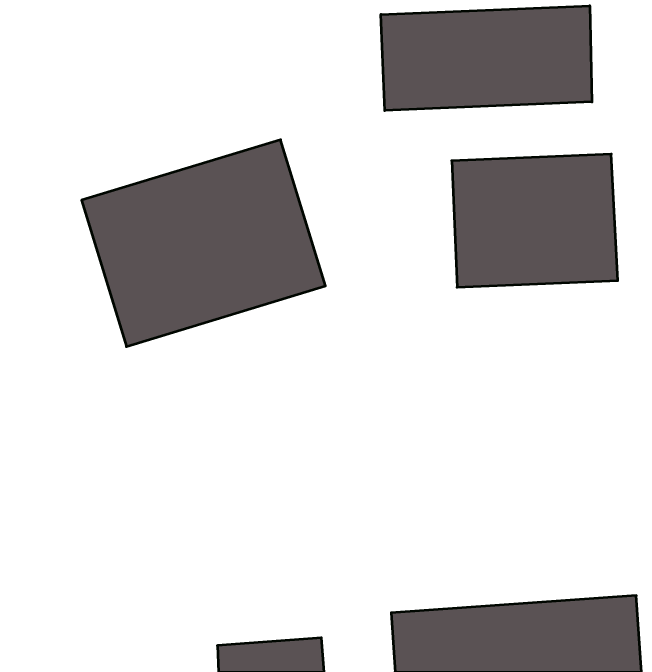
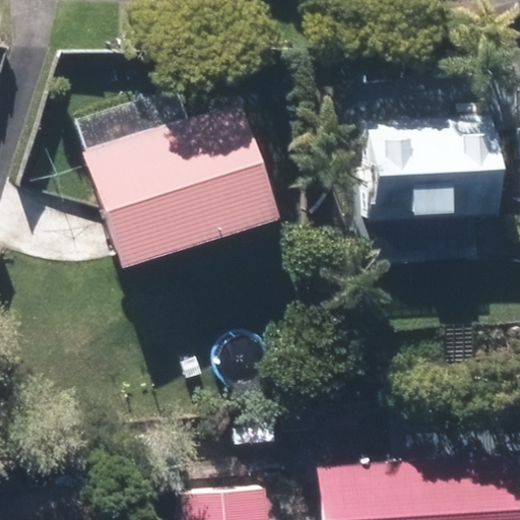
building: [381,6,592,111] -> none

